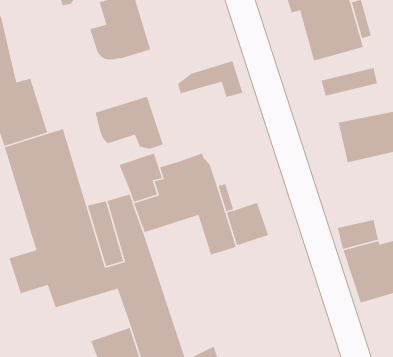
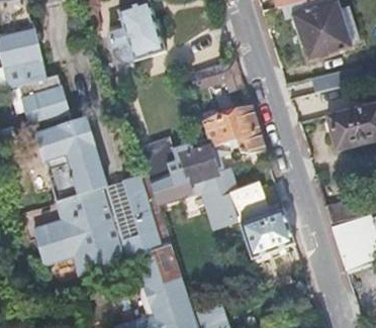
building: [95,96,164,150] -> [203,108,263,154]
building: none -> [239,208,292,256]

